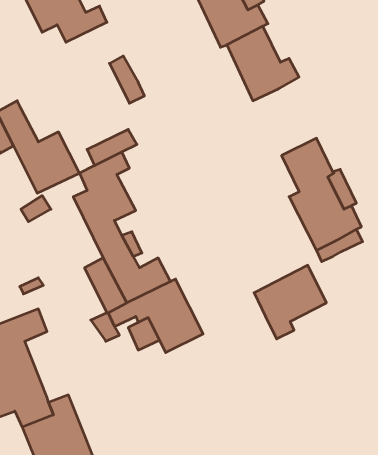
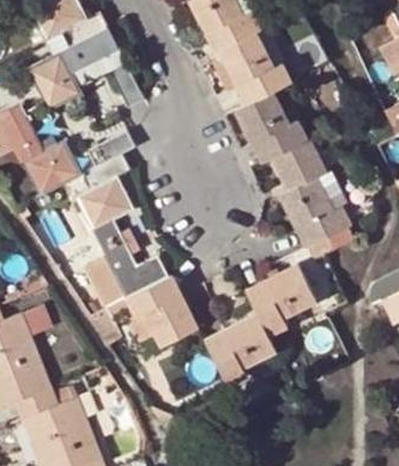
building: none -> [26,29,117,110]
building: none -> [237,92,308,162]
building: none -> [204,311,278,383]

